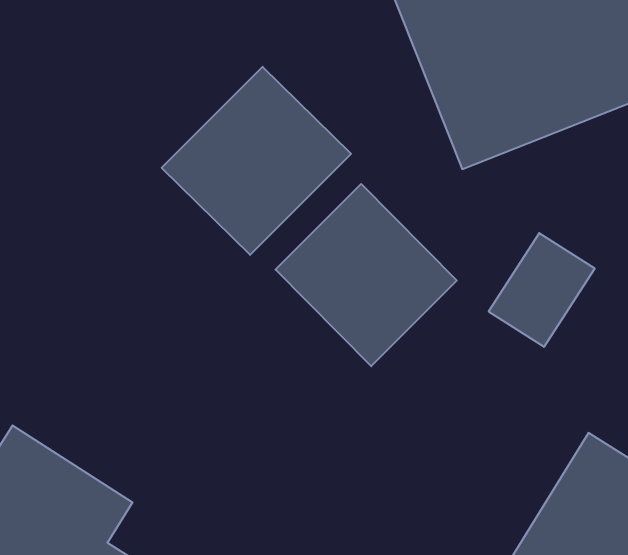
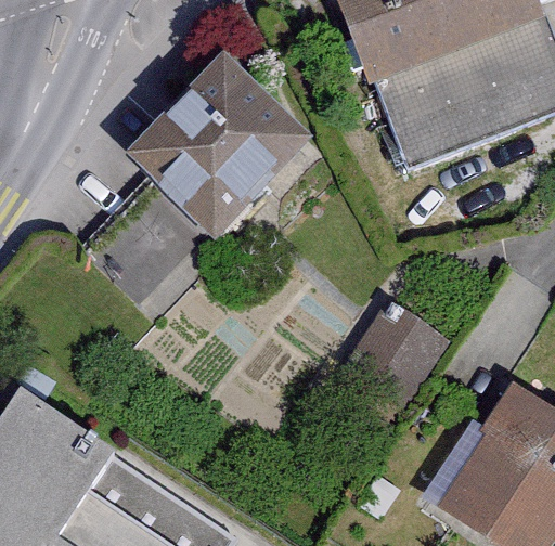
building: [275,184,457,366] -> none
building: [489,233,595,347] -> [353,316,444,414]

